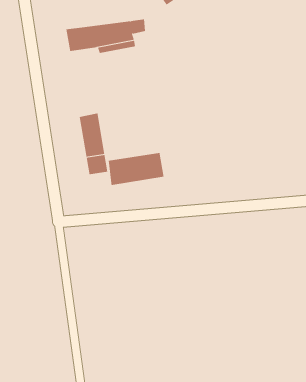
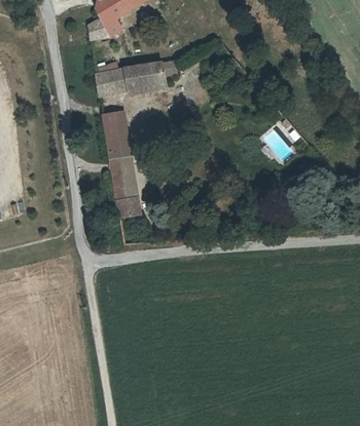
building: none -> [103,111,130,158]
building: [108,152,164,186] -> none

